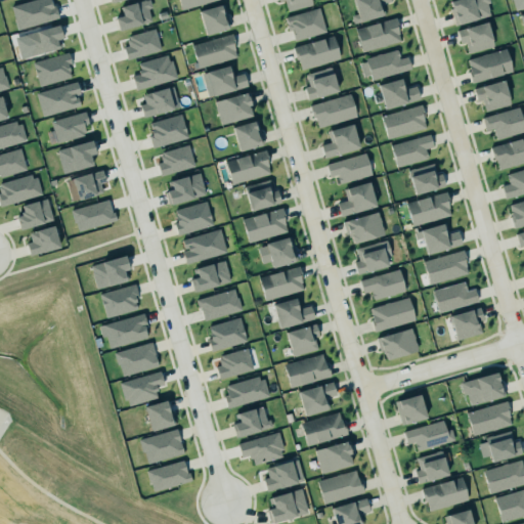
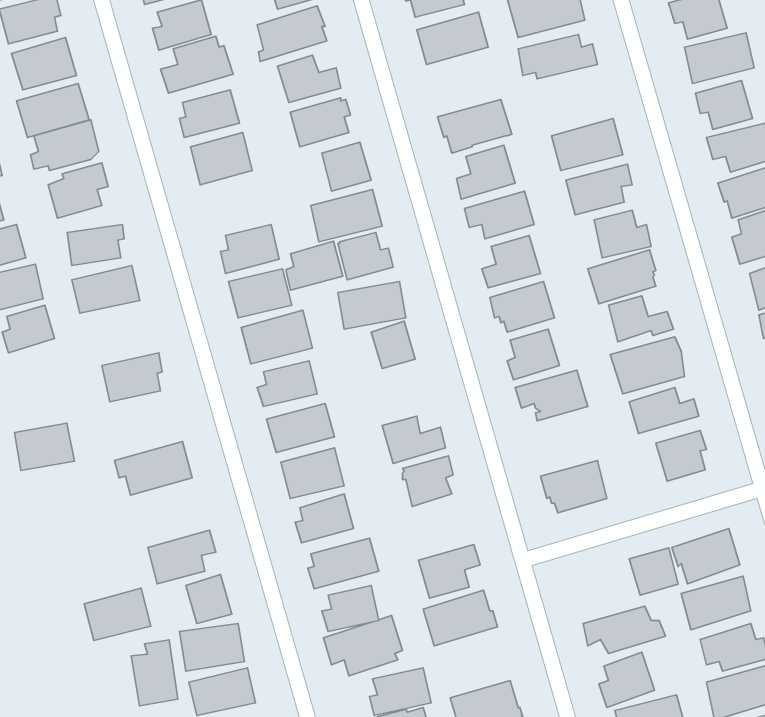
building: [304,67,338,99] -> none
building: [380,79,422,110] -> none
building: [159,145,195,177] -> [286,241,343,290]
building: [259,266,304,300] -> none
building: [102,287,141,317] -> [15,423,75,471]
building: [370,296,416,332] -> none
building: [117,343,160,377] -> [84,588,151,640]
building: [285,353,331,388] -> none
building: [396,395,428,426] -> [629,548,678,595]
building: [315,441,353,473] -> none
building: none -> [131,640,178,706]

